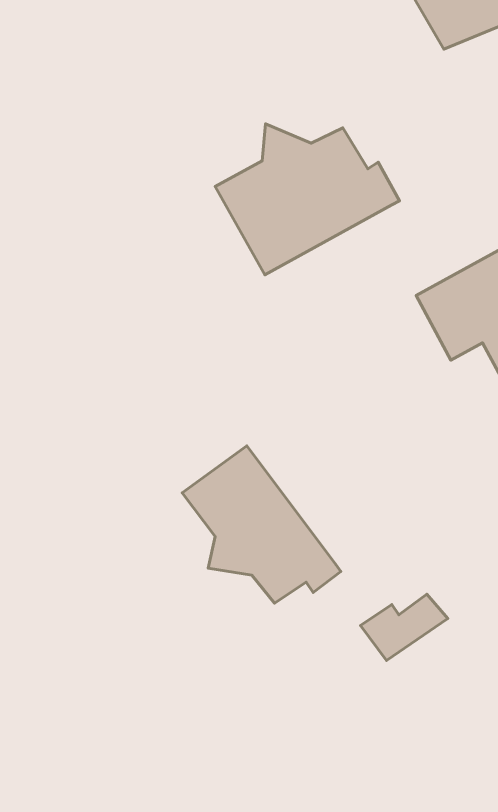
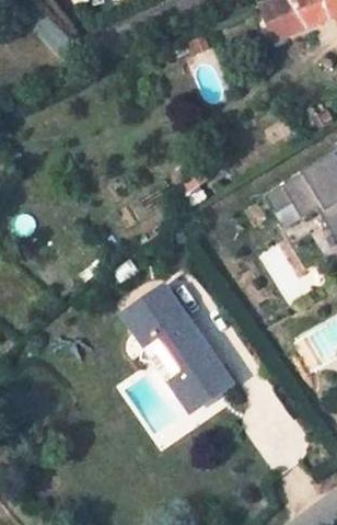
building: [215,124,399,275] -> none
building: [360,594,448,660] -> [178,364,233,406]

